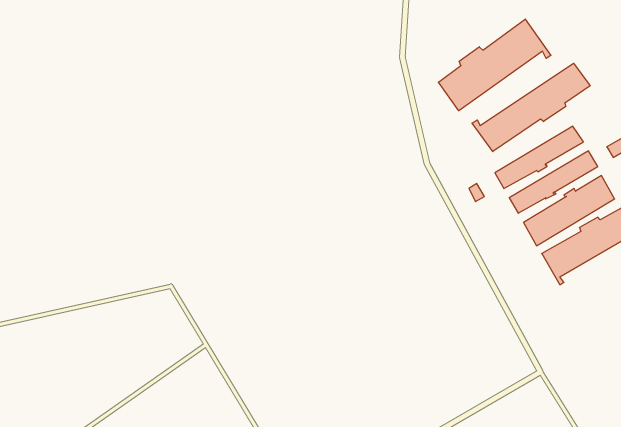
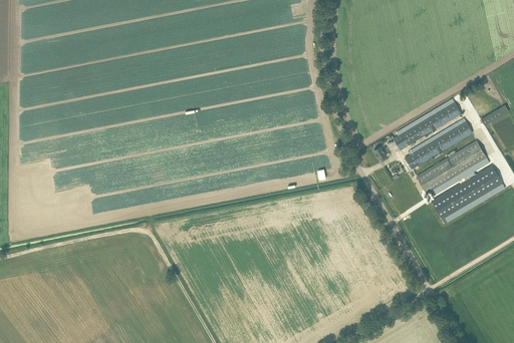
building: [438,19,551,111] -> none
building: [472,63,590,152] -> none

